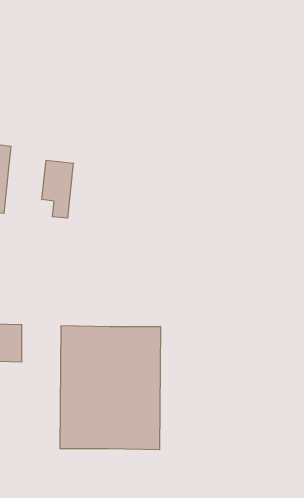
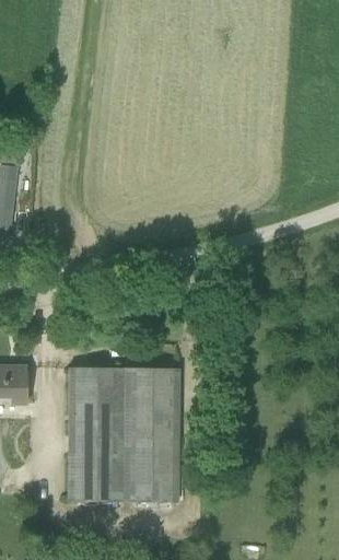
building: [42,160,73,218] -> none

